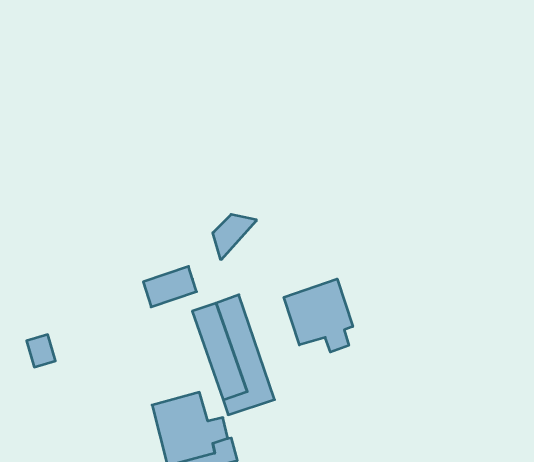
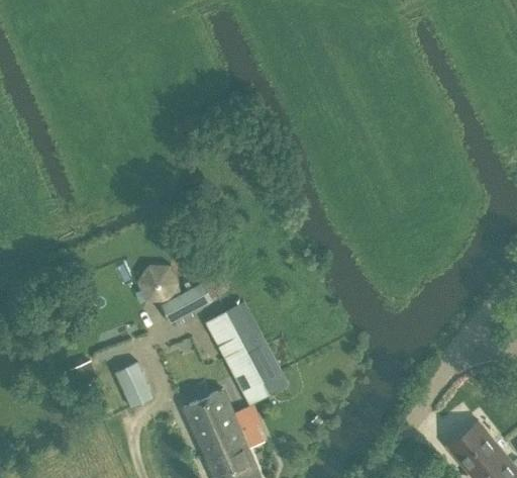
building: [213,214,256,259] -> [136,264,172,303]
building: [284,279,353,352] -> none
building: none -> [115,362,154,409]

